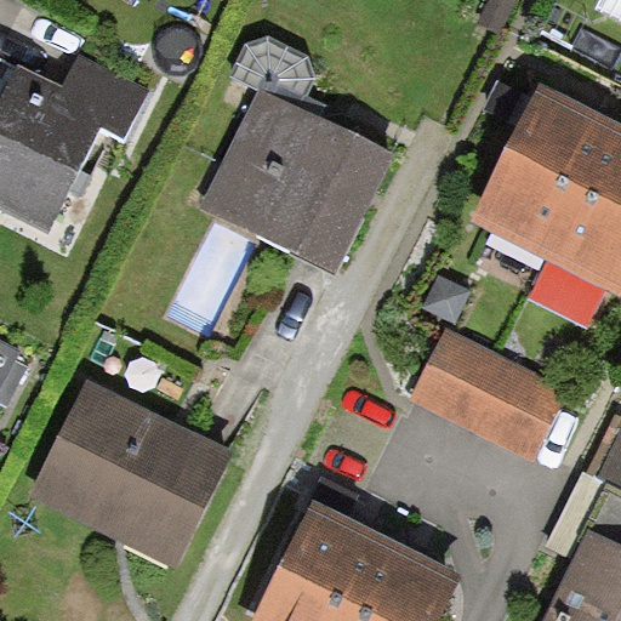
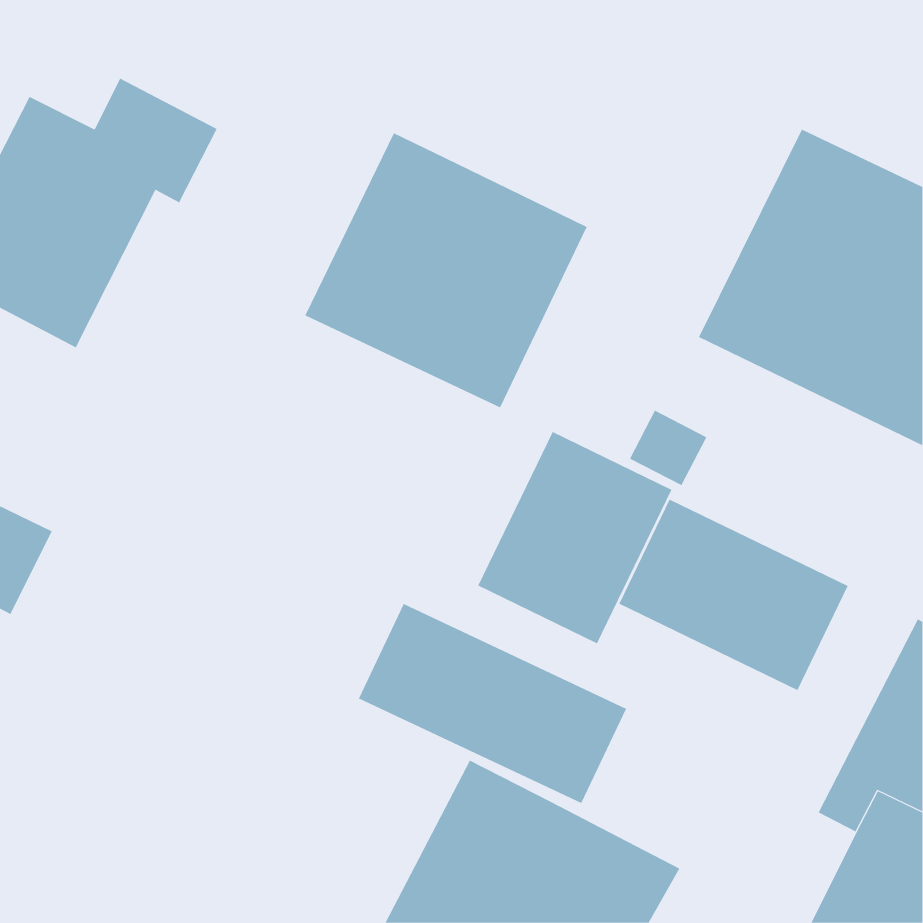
building: none -> [477,431,672,644]
building: [32,382,235,565] -> none
building: none -> [358,603,627,804]

